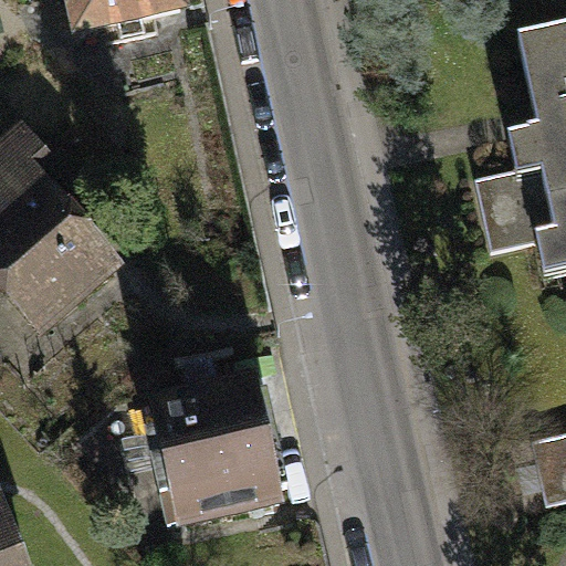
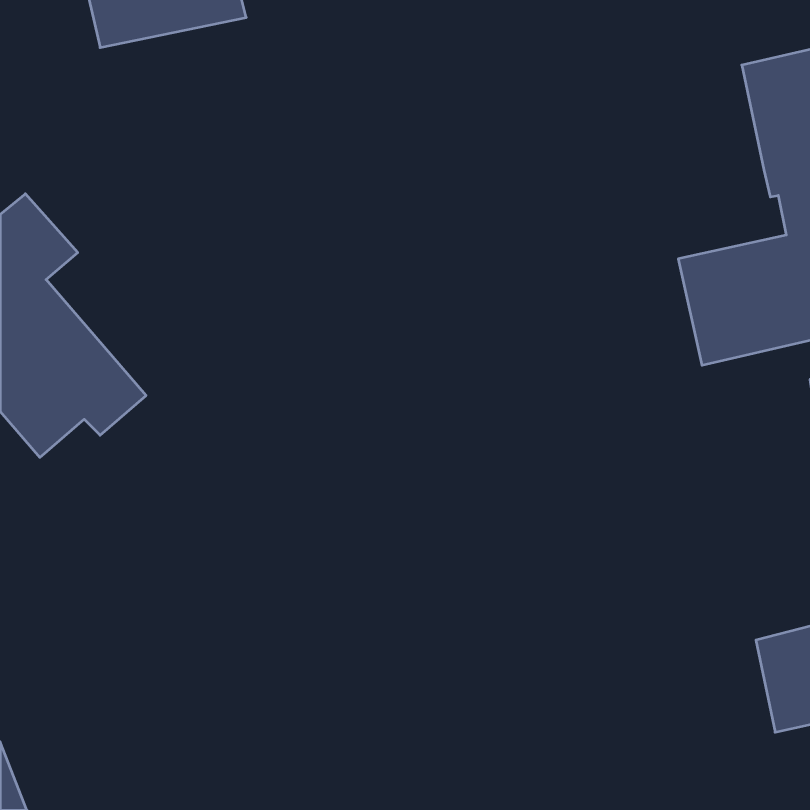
building: [146,386,284,515] -> none

